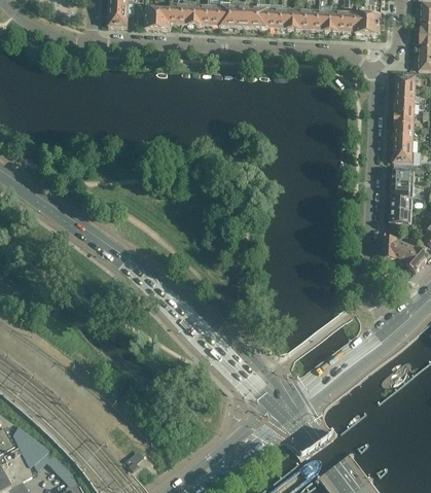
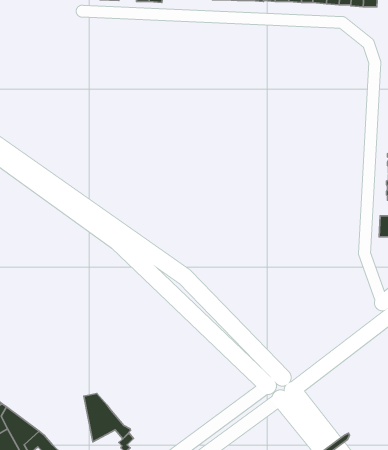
building: none -> [84,394,131,442]

